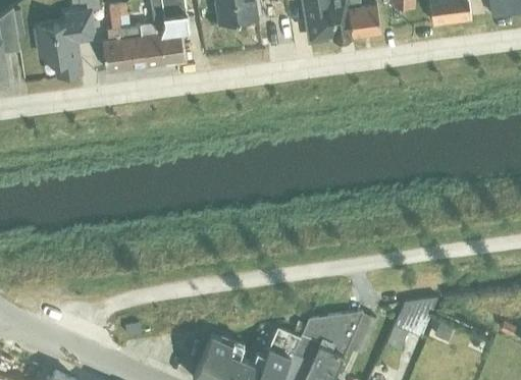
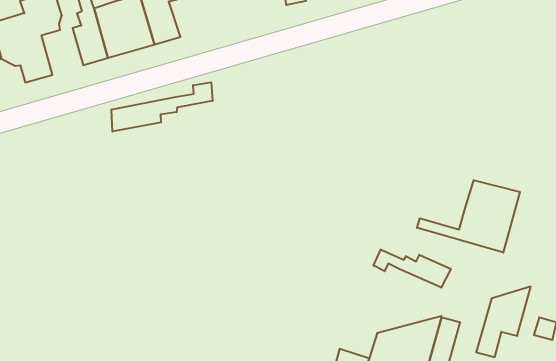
building: none -> [112,82,213,132]
building: none -> [417,180,520,253]
building: none -> [373,249,451,288]

